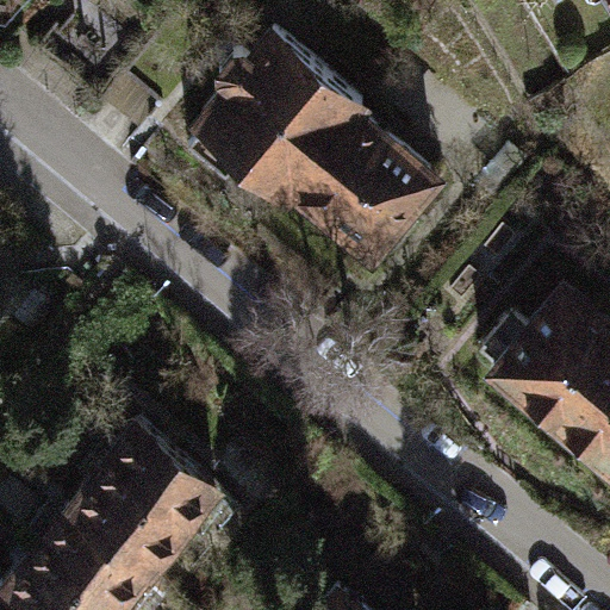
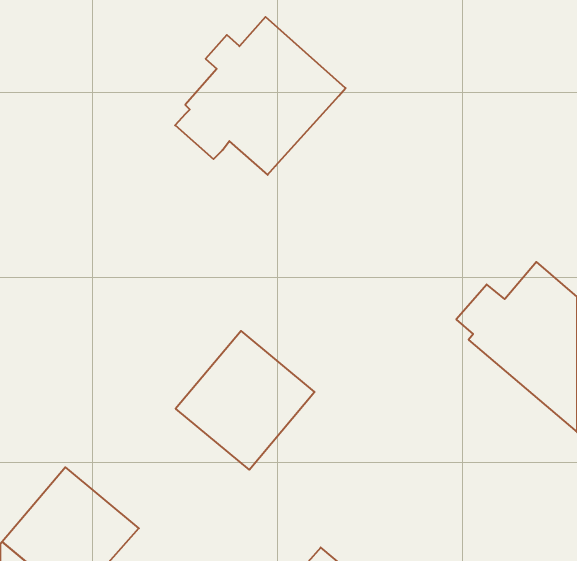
building: [291,118,434,261] -> none
building: [69,428,216,574] -> [176,331,315,470]

